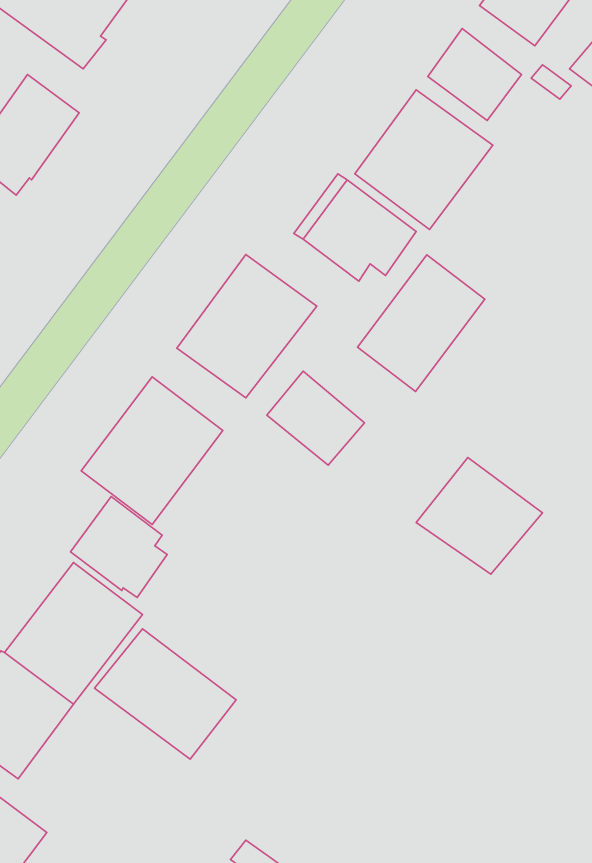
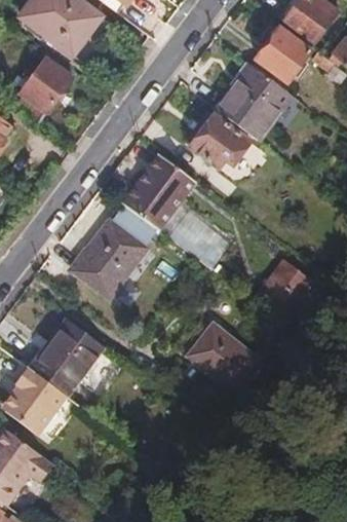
building: [358,255,485,392] -> none
building: [71,497,167,597] -> none
building: [95,629,236,759] -> [187,324,263,394]

